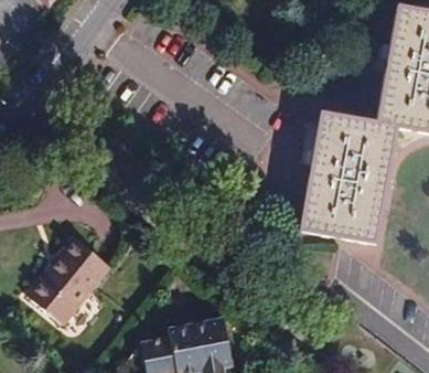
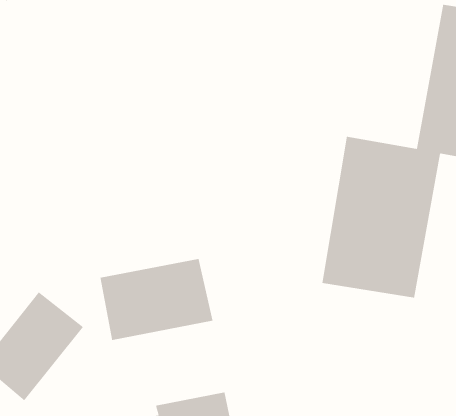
building: none -> [100,258,213,341]

